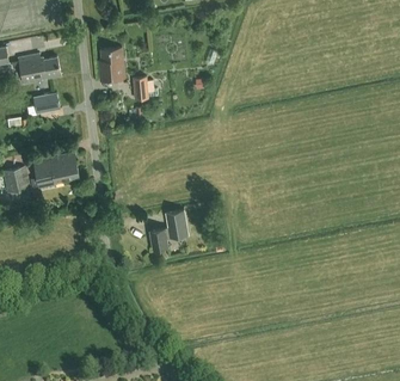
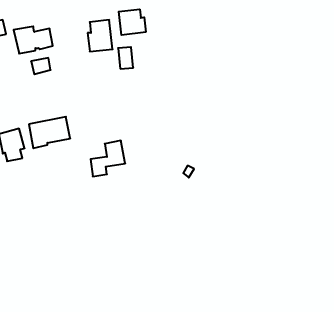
building: none -> [119,9,146,35]
building: [149,208,187,247] -> [91,141,125,176]

